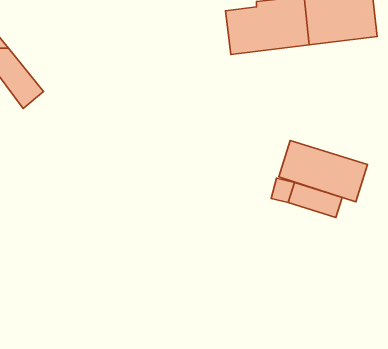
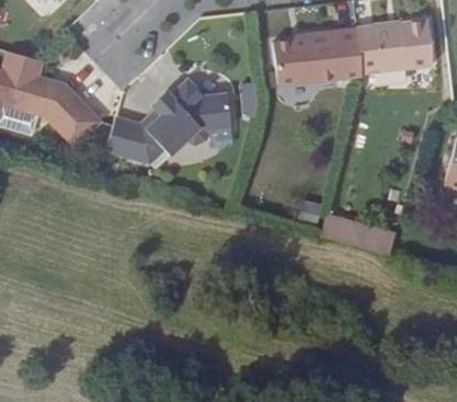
building: none -> [102,79,228,156]
building: [279,140,368,202] -> none

